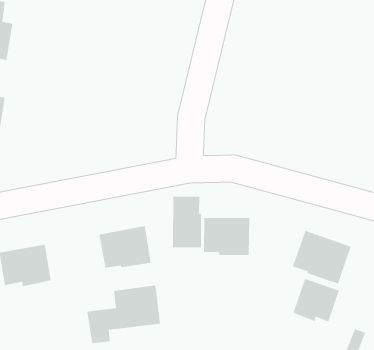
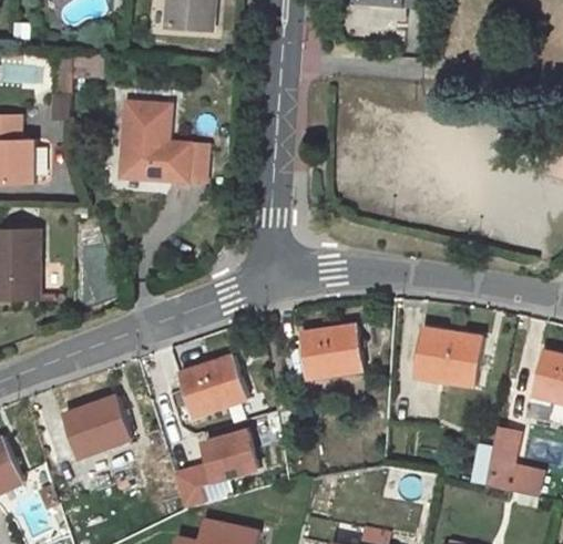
building: none -> [120,102,191,182]
building: [173,196,202,248] -> none
building: [293,278,340,322] -> none

